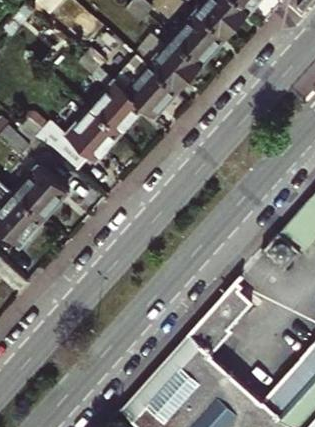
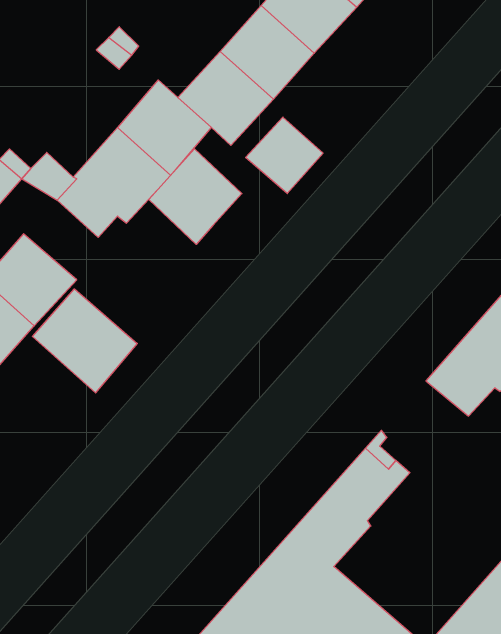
building: none -> [246,117,323,194]
building: none -> [149,149,242,244]
building: none -> [32,289,137,393]

